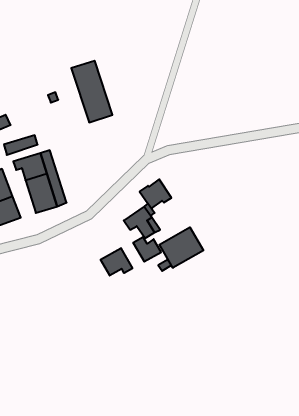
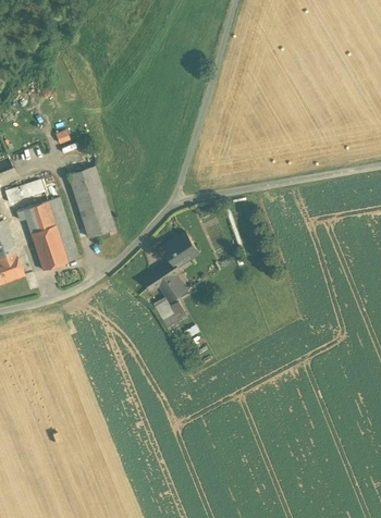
building: [71,61,112,122] -> [67,165,115,237]
building: [159,227,203,268] -> none
building: [101,248,132,276] -> none

